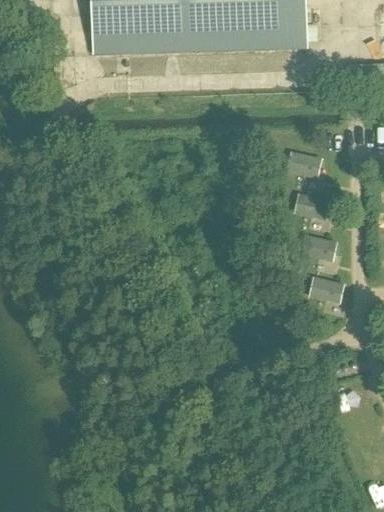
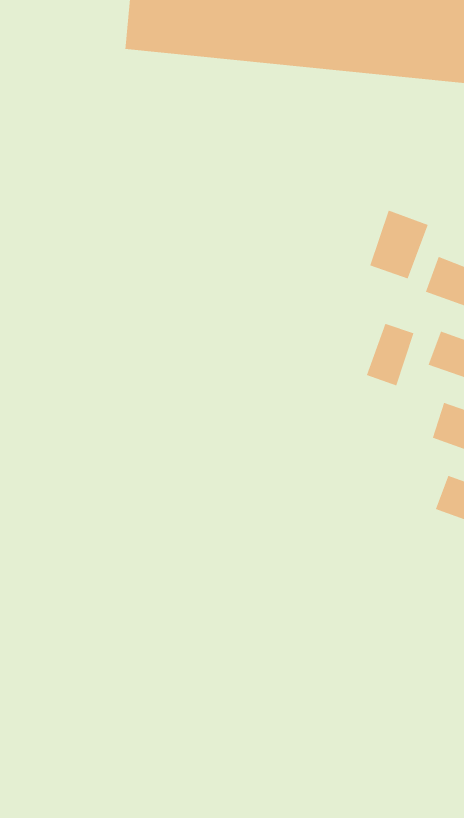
building: none -> [369,210,429,280]
building: none -> [366,323,415,386]

